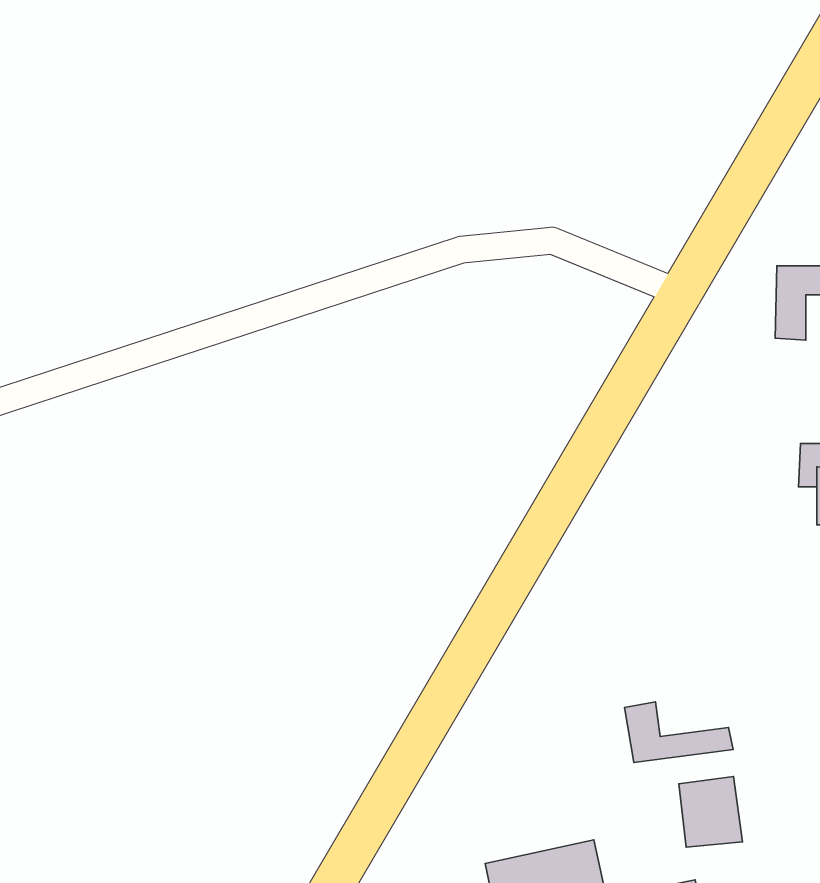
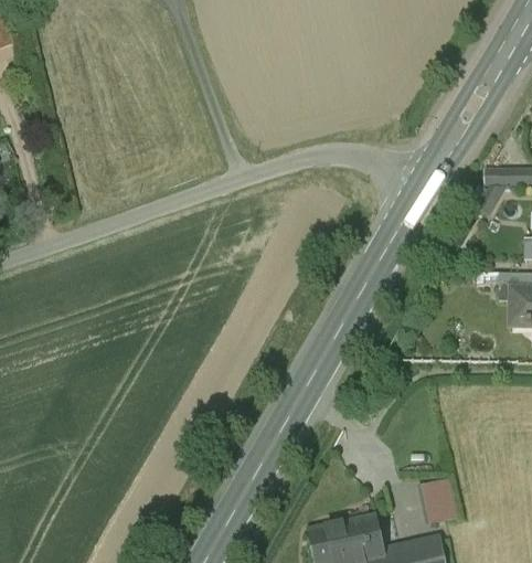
building: [624,702,733,763] -> none

